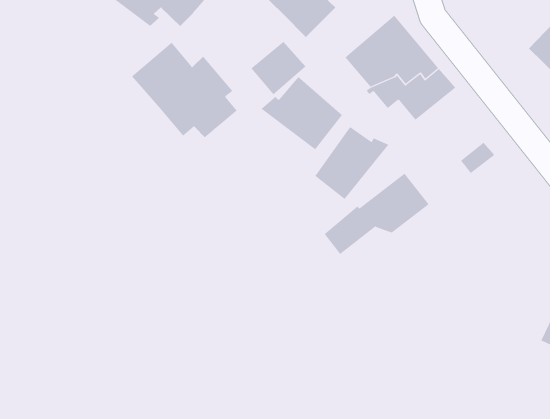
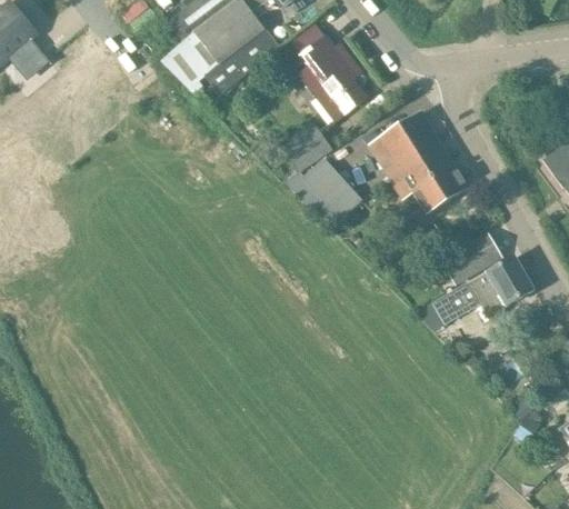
building: [131,42,237,138] -> none
building: [314,126,389,200] -> none
building: [324,173,429,255] -> [431,257,533,325]

